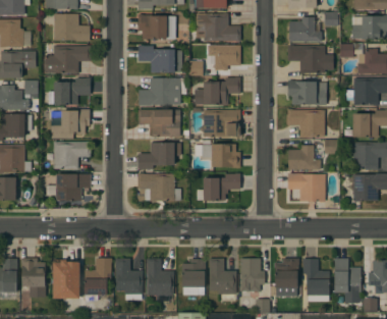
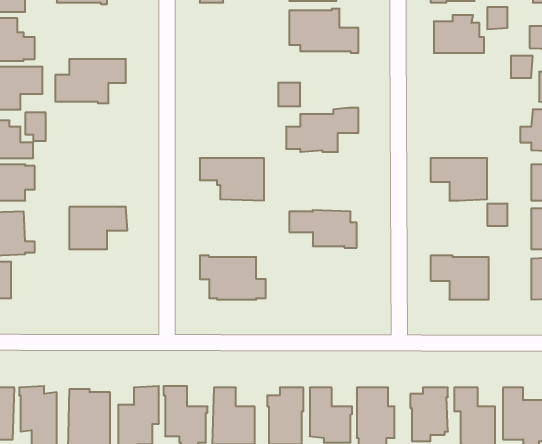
building: [53,14,90,42] -> none
building: [137,14,175,40] -> none
building: [137,45,181,72] -> none
building: [207,45,240,71] -> none
building: [287,45,333,73] -> none
building: [48,78,90,105] -> none
building: [137,78,185,106] -> none
building: [287,79,326,105] -> none
building: [50,109,90,139] -> none
building: [203,109,240,138] -> none
building: [137,143,180,170] -> none
building: [287,146,320,170] -> none
building: [203,173,239,201] -> none
building: [48,174,91,201] -> none

